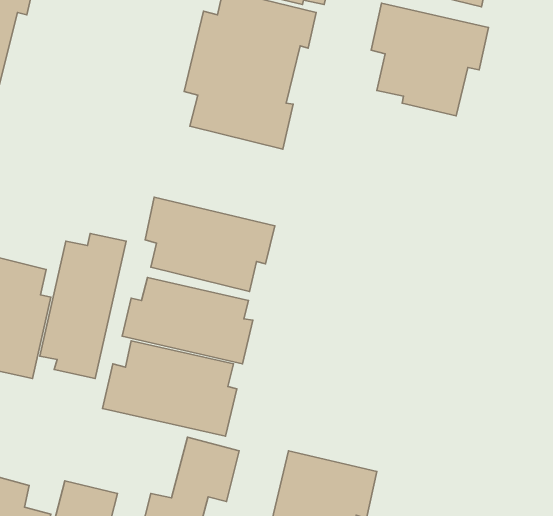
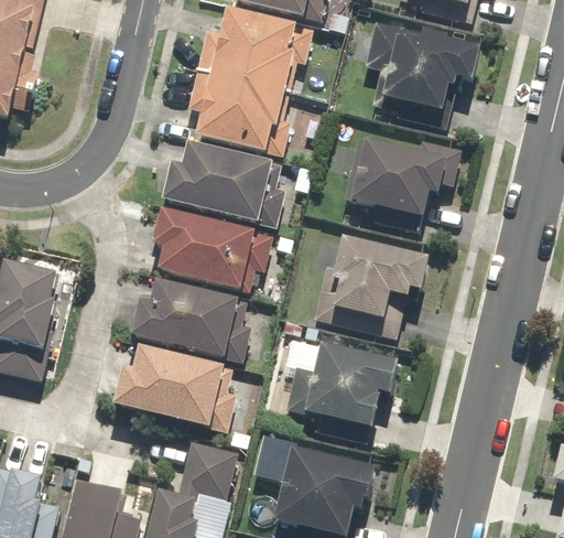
building: none -> [340,133,465,227]
building: none -> [160,137,288,228]
building: none -> [314,236,427,335]
building: [40,234,126,378] -> none
building: none -> [283,333,398,440]

